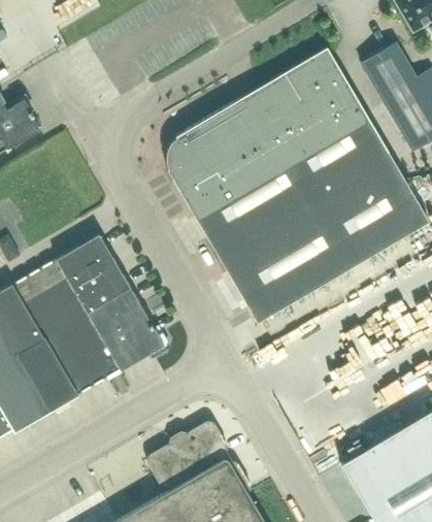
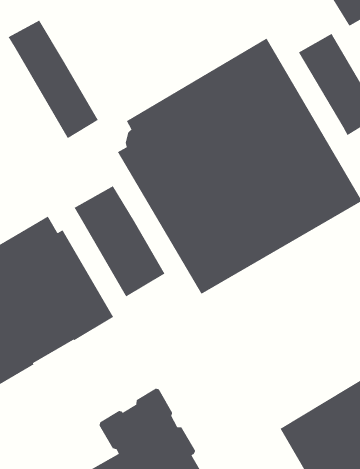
building: none -> [8,20,99,139]
building: none -> [73,185,166,297]

